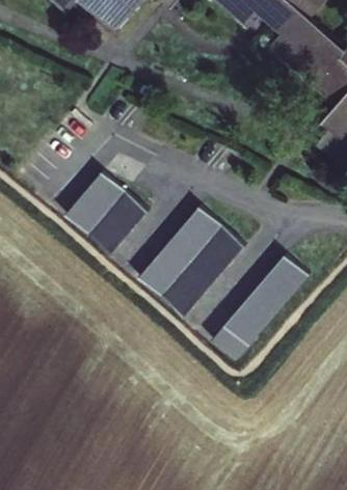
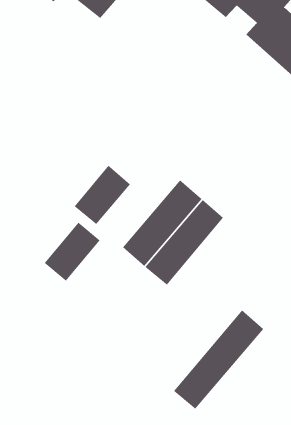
building: [63,167,124,230] -> [44,222,101,282]
building: [214,252,311,358] -> [173,309,264,409]

